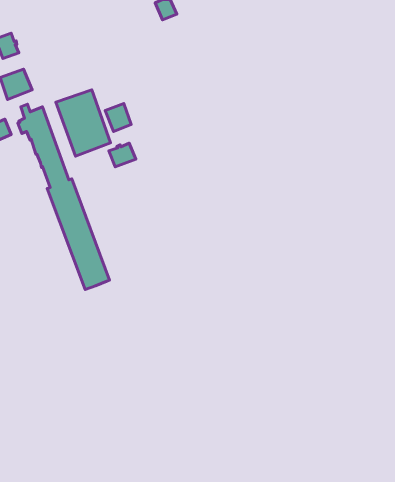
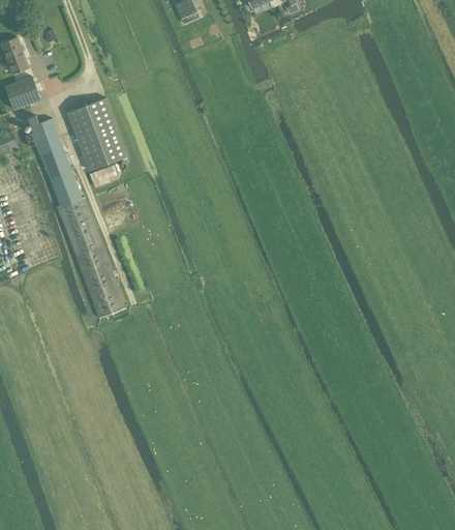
building: [105,104,131,132] -> none
building: [109,143,136,167] -> none

